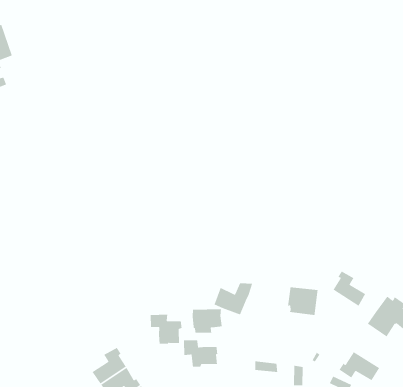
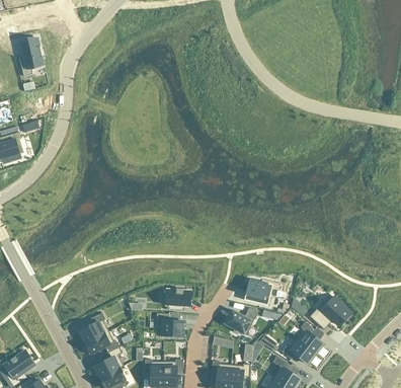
building: [332,270,366,307] -> [296,322,323,354]
building: [213,282,253,316] -> [225,307,259,334]
building: [150,314,182,345] -> none

